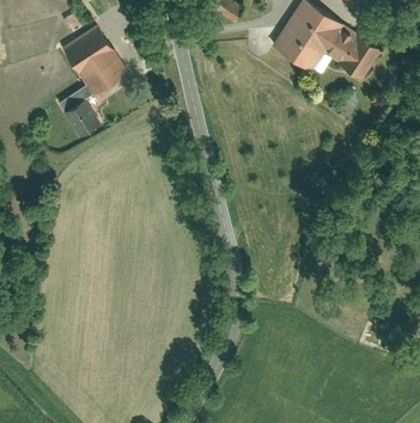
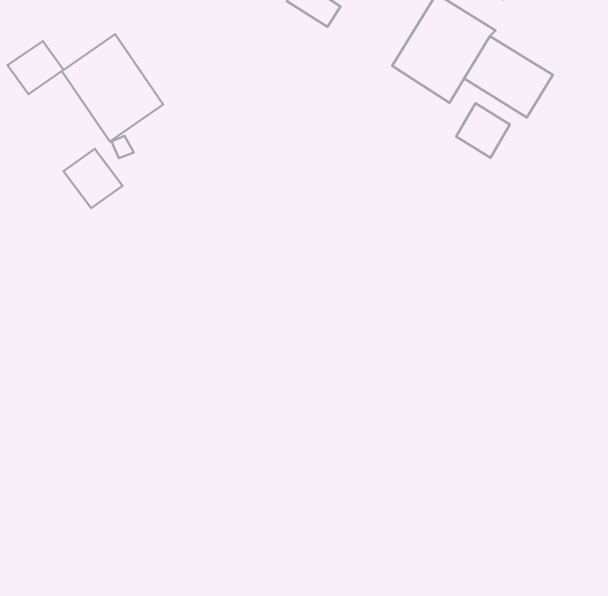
building: none -> [7,41,64,94]
building: none -> [456,103,510,158]

